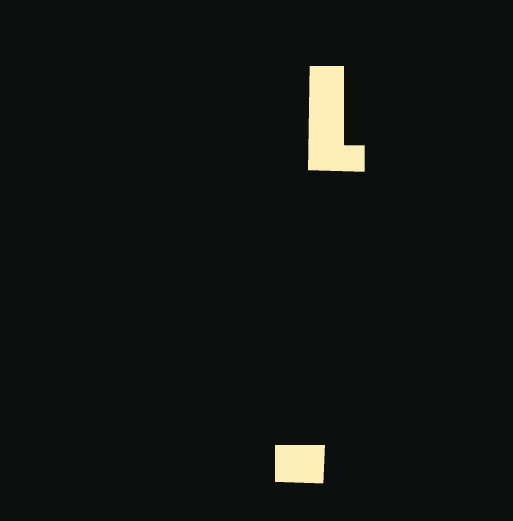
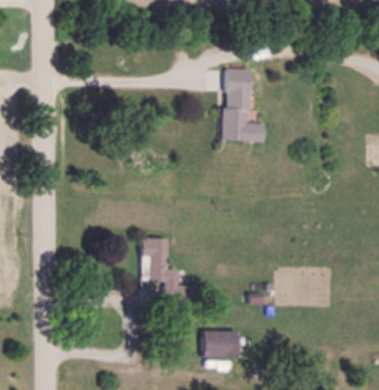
building: none -> [141,237,192,308]

